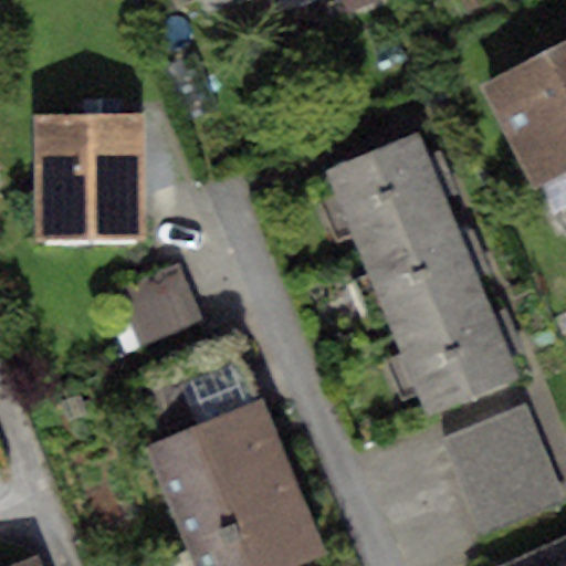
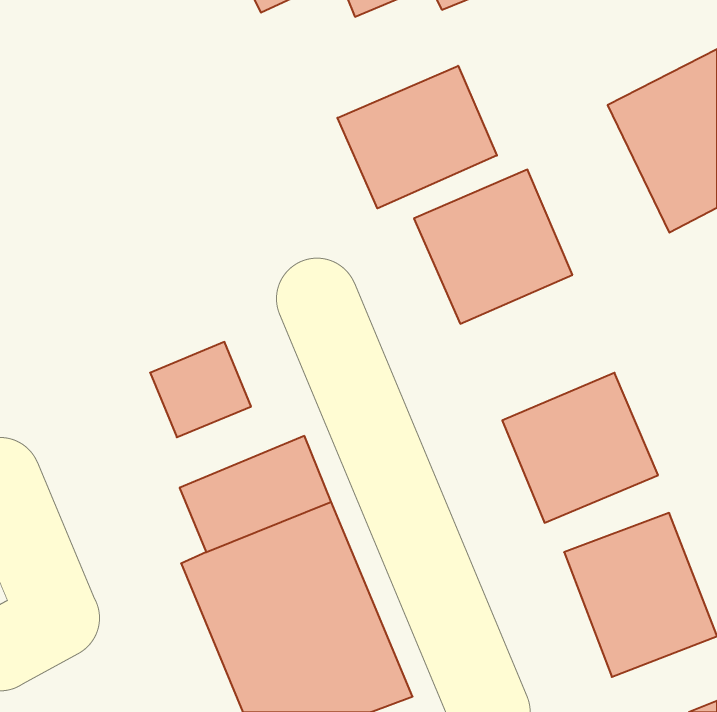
building: none -> [337,66,497,208]
building: [35,118,147,243] -> none
building: [363,217,484,332] -> none

